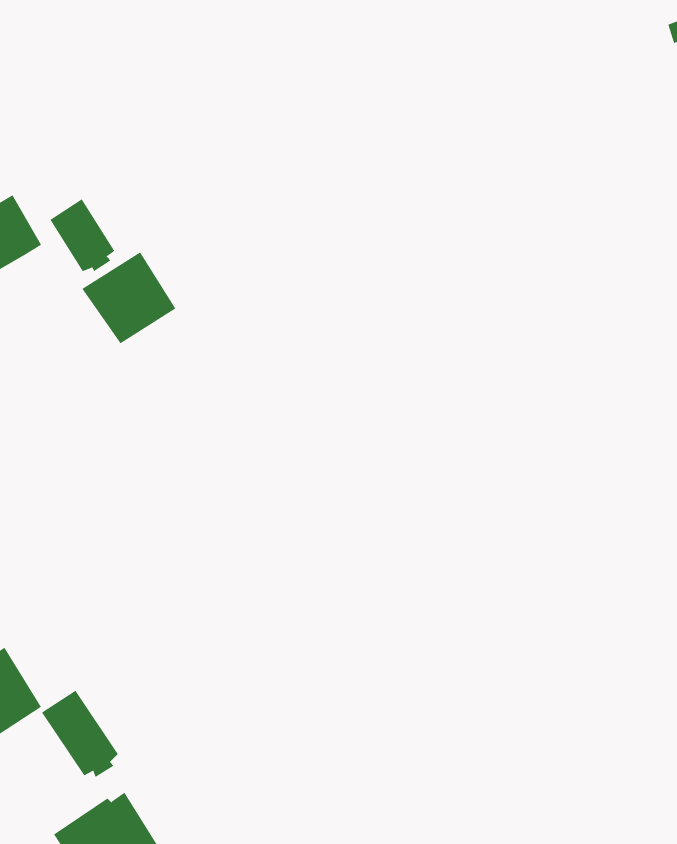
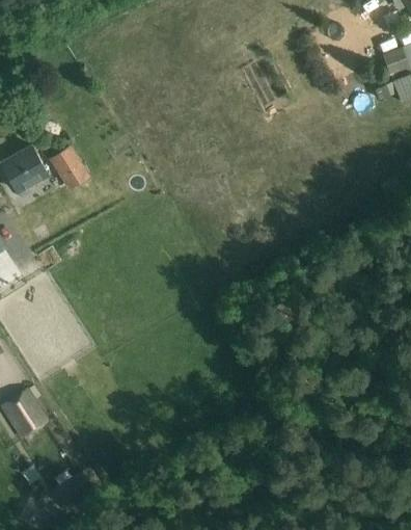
building: [82,252,176,344] -> none
building: [41,690,118,778] -> none

